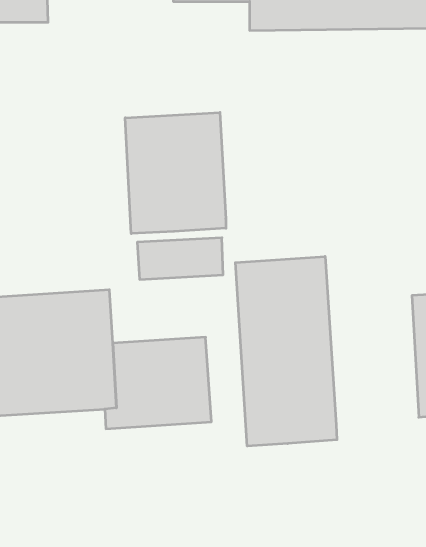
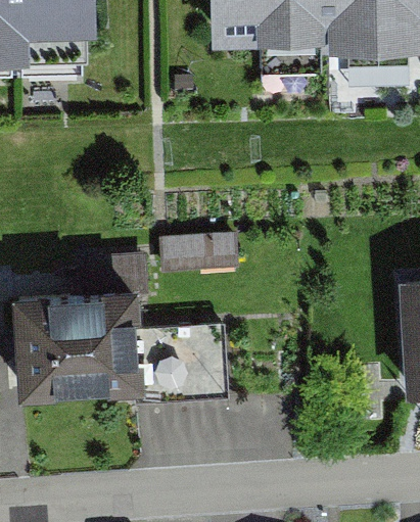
building: [125,112,226,234] -> none
building: [235,256,337,446] -> none

